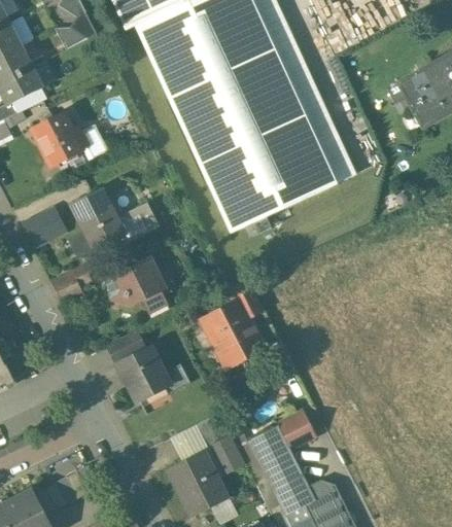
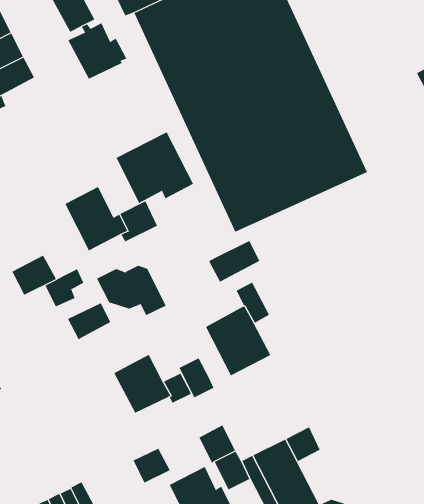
building: [32,112,88,166] -> [68,23,127,80]
building: none -> [116,131,194,204]
building: [24,208,66,246] -> [12,255,57,295]
building: none -> [208,240,260,283]
building: [105,329,146,364] -> [67,303,111,340]
building: none -> [179,358,214,398]
building: none -> [133,448,170,484]

